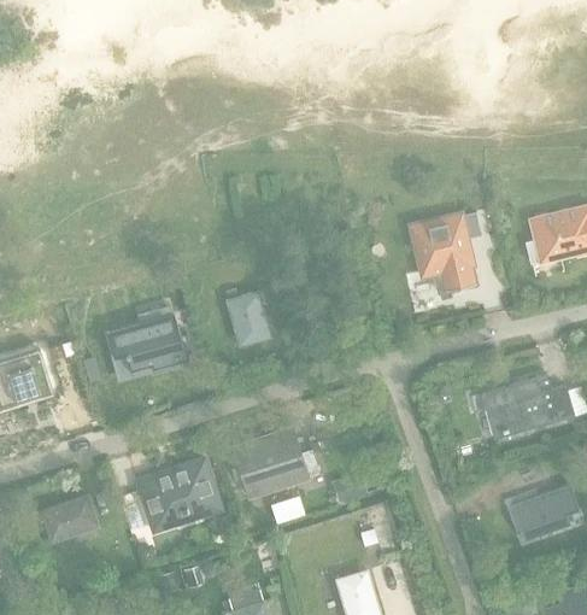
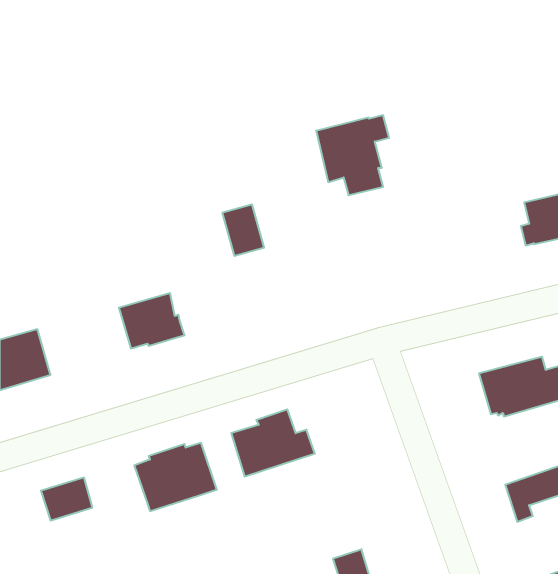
building: [412,221,486,301] -> [316,115,389,195]
building: [224,293,266,345] -> [222,204,264,256]

